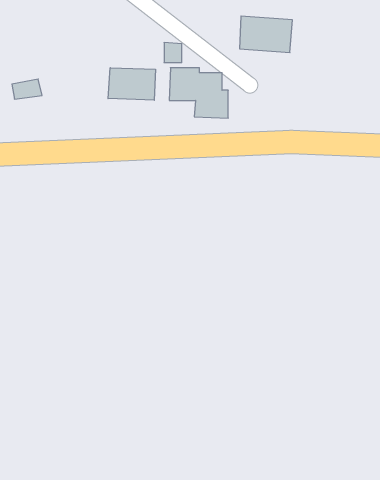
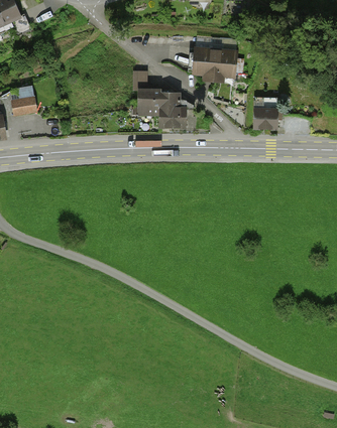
building: [108,68,155,100] -> none
building: none -> [253,107,276,128]

